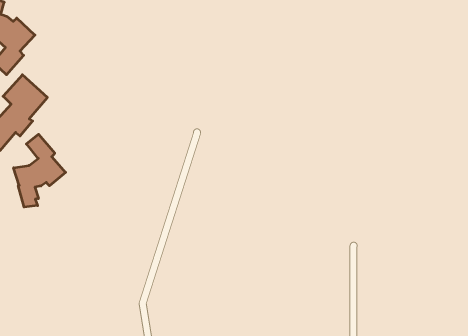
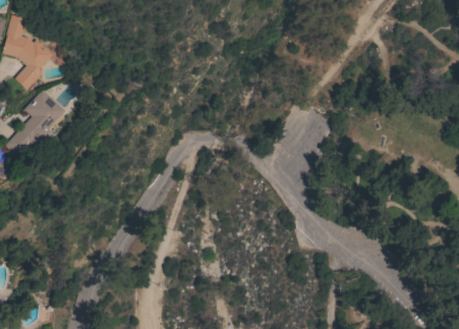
building: [14,134,66,207] -> none

